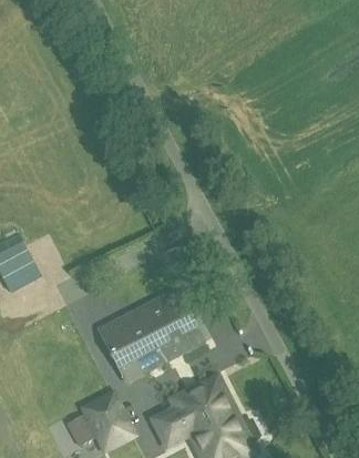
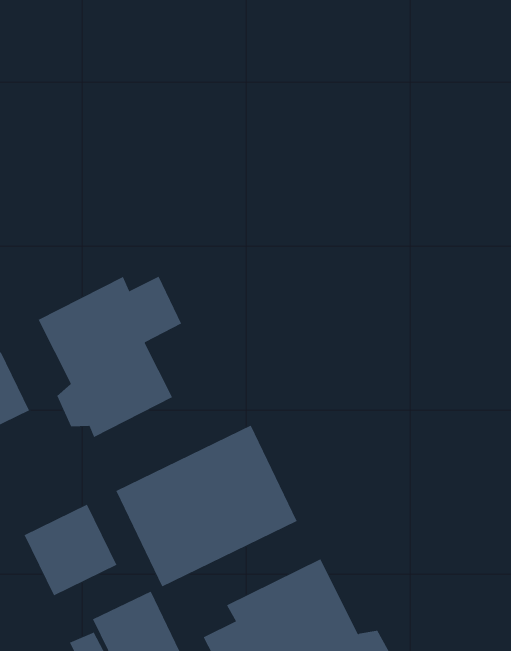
building: none -> [38,276,182,438]
building: none -> [24,504,117,596]

